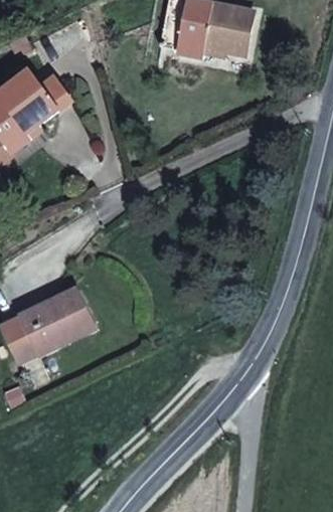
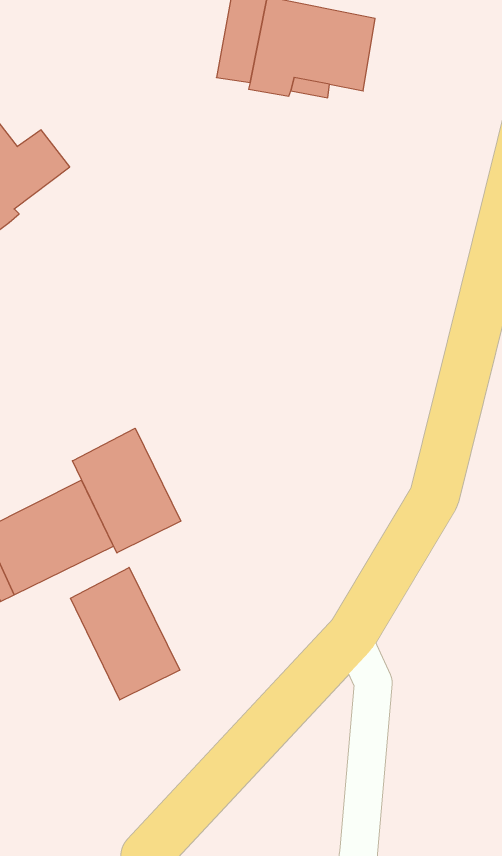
building: none -> [72,428,181,553]
building: none -> [71,567,180,700]

